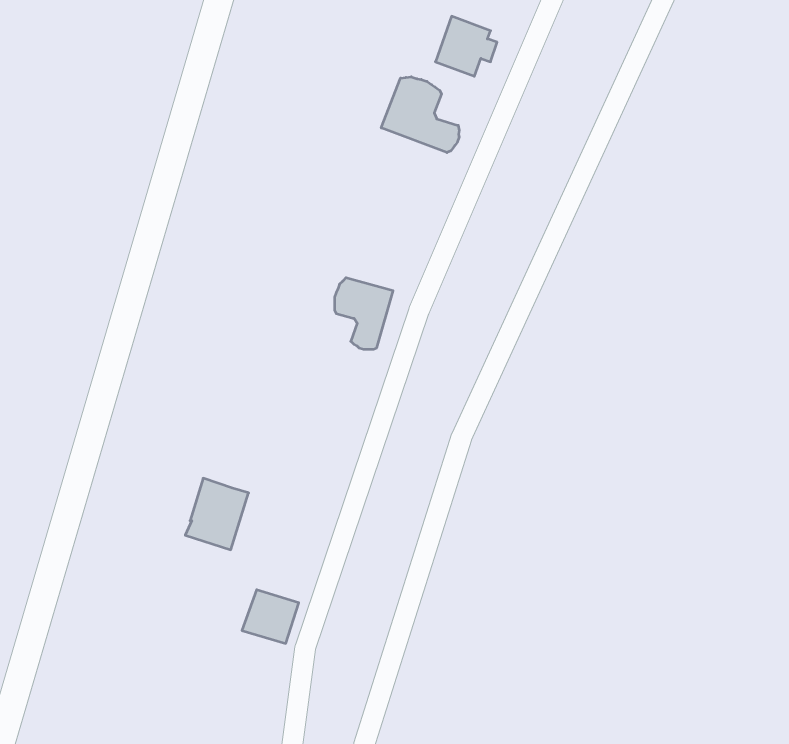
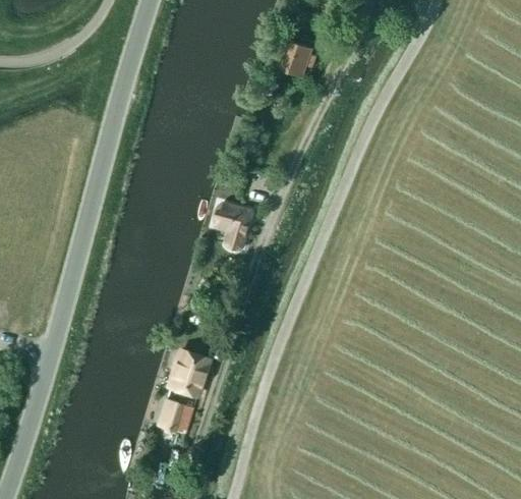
building: [381,77,459,153] -> none
building: [185,478,249,550] -> [169,350,209,395]

